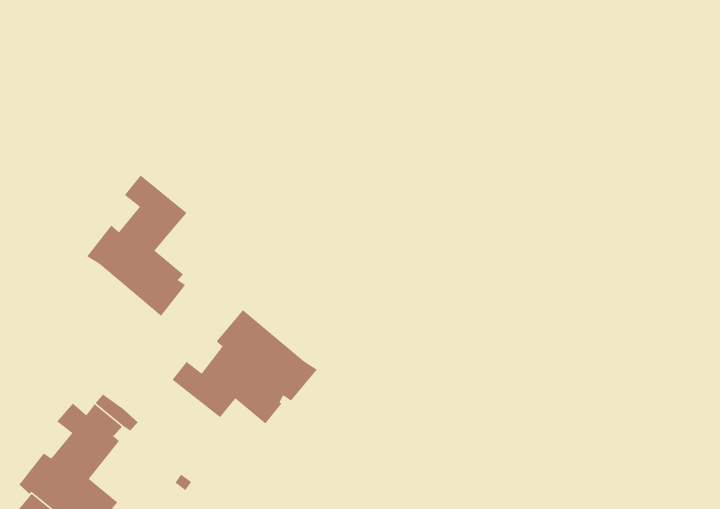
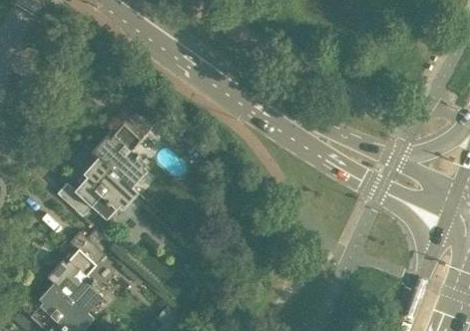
building: [172,309,318,425] -> [56,155,138,221]

